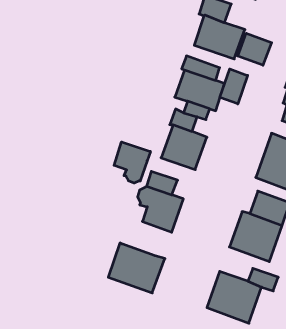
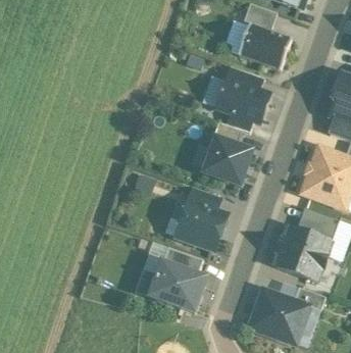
building: [238,33,272,65] -> none
building: [220,69,248,104] -> none
building: [114,142,150,183] -> none
building: none -> [161,247,202,274]

